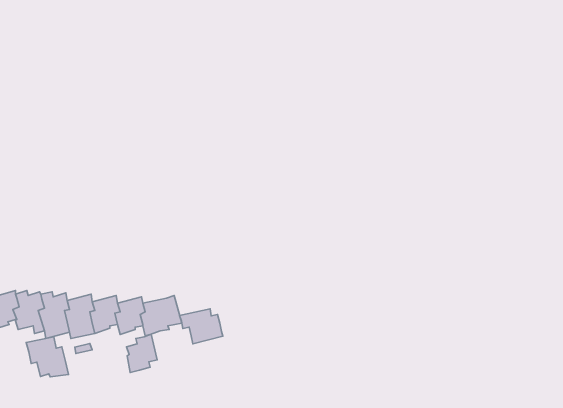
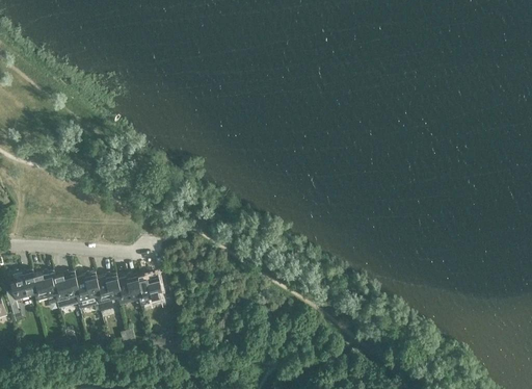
building: [180,309,223,344] -> none
building: [127,334,157,372] -> none
building: [26,337,68,377] -> none

